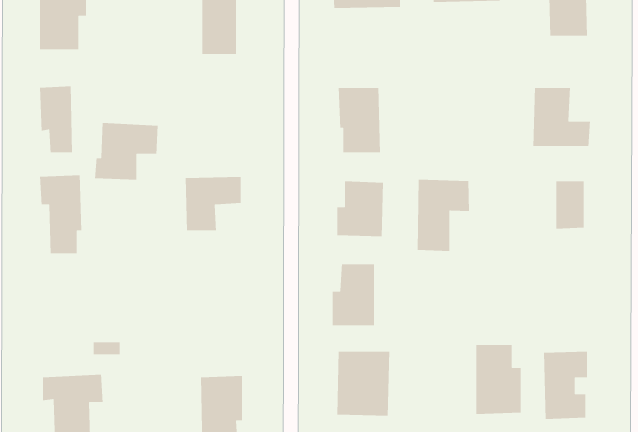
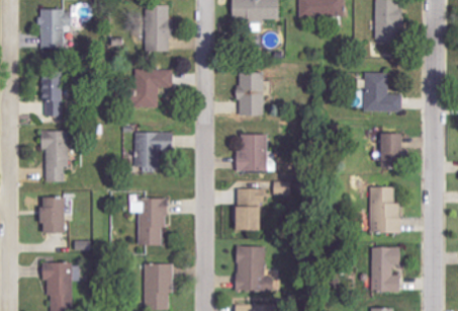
building: [94,122,159,180] -> [130,69,173,107]
building: [417,179,470,252] -> none
building: none -> [38,198,62,234]
building: none -> [130,200,166,245]
building: [476,344,522,415] -> [370,187,400,234]

